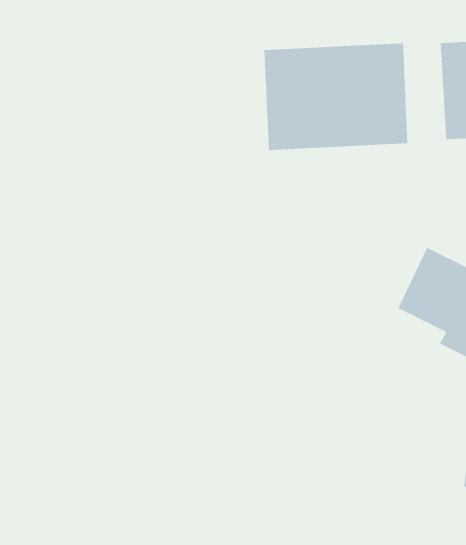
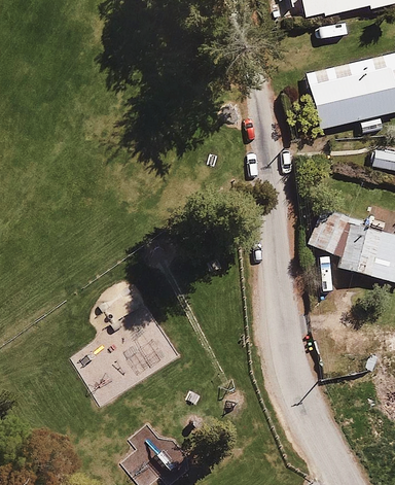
building: [264,43,408,151] -> none

